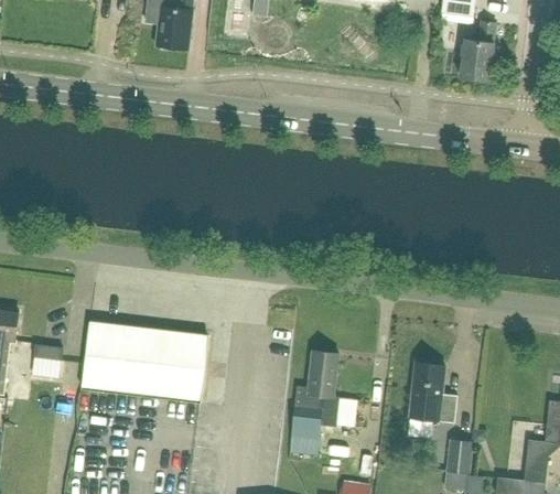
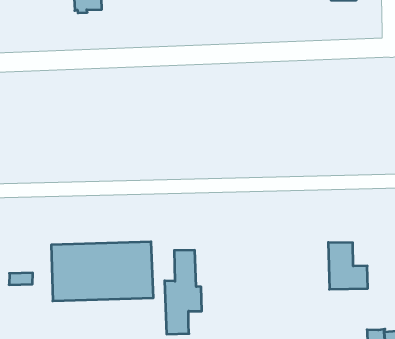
building: [289,352,337,452] -> [165,250,202,334]
building: [445,440,472,475] -> none

